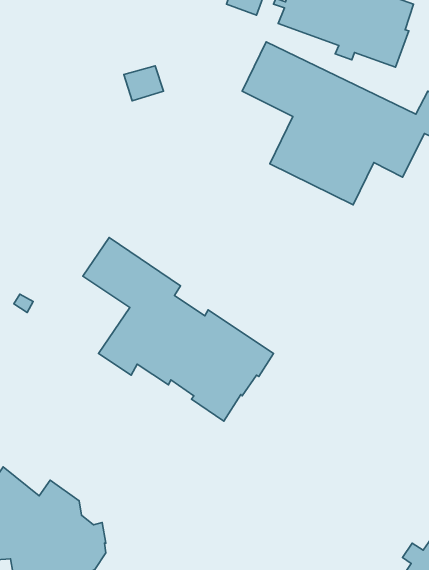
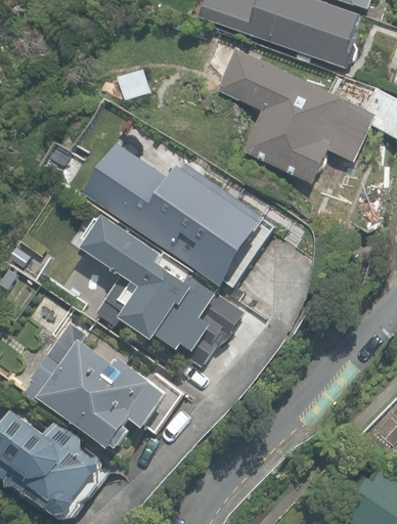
building: none -> [84,144,270,287]
building: none -> [24,338,169,447]

